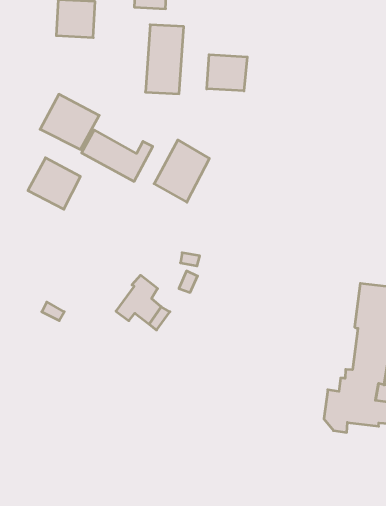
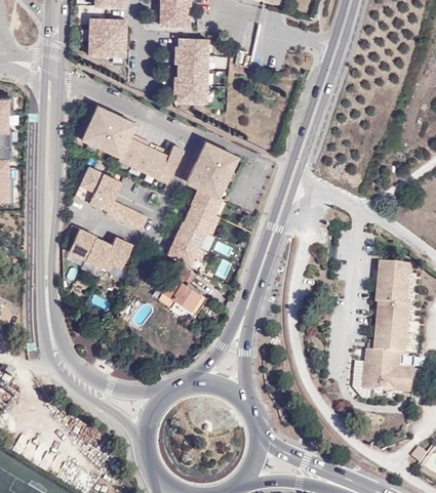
building: [207,55,247,91] -> none
building: none -> [165,187,220,261]
building: none -> [107,200,148,230]
building: none -> [65,229,129,272]

